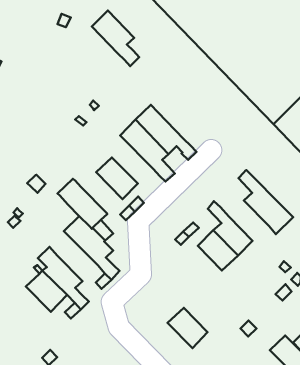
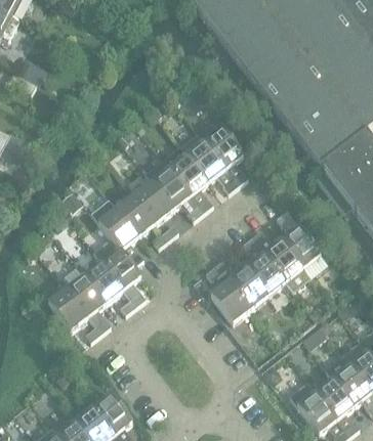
building: [92,11,139,66] -> [202,126,247,185]
building: none -> [143,160,202,220]
building: none -> [115,194,156,238]
building: none -> [249,229,309,292]
building: none -> [83,261,123,304]
building: [167,308,208,348] -> [209,281,249,323]

